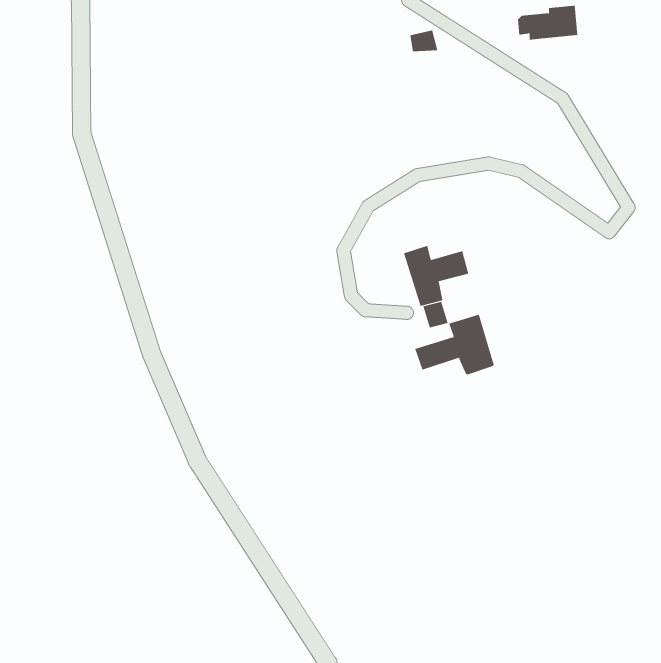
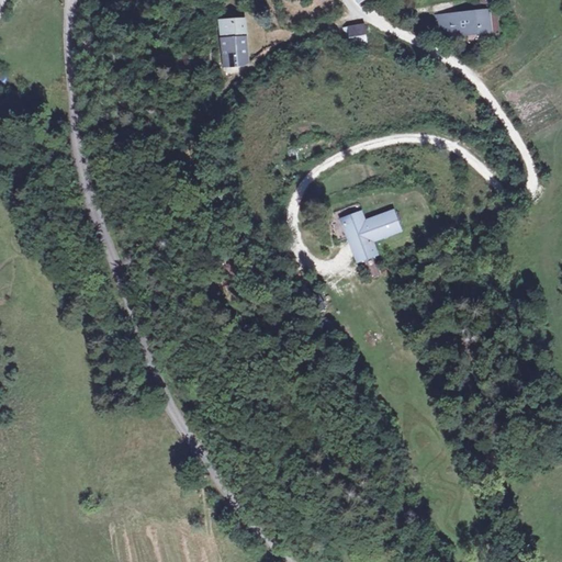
building: none -> [217,20,249,66]
building: [415,314,494,375] -> none

